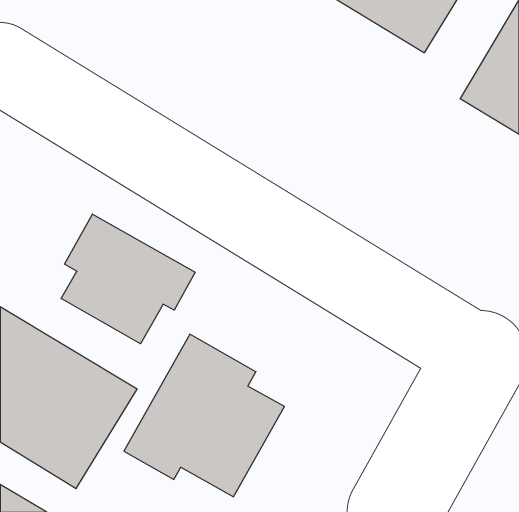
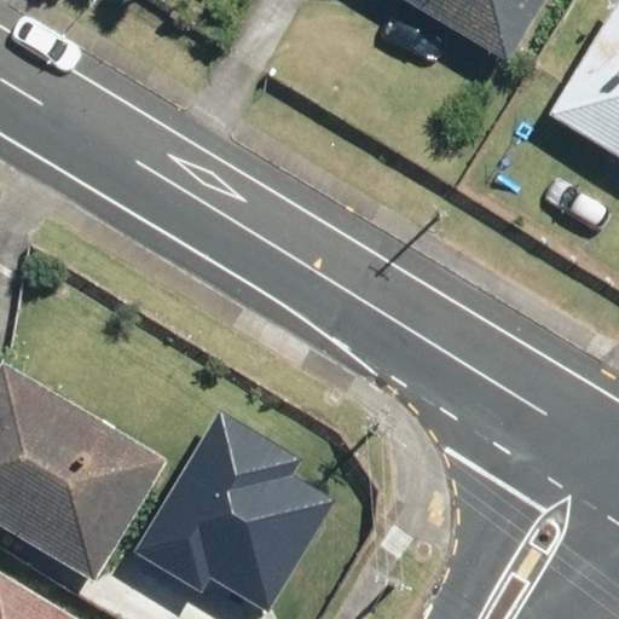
building: [61,214,195,344] -> none

